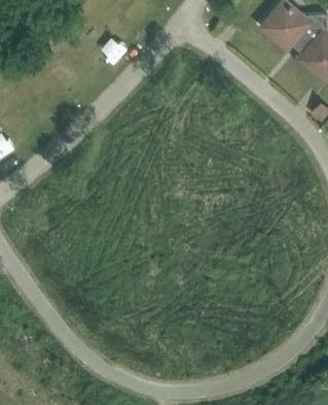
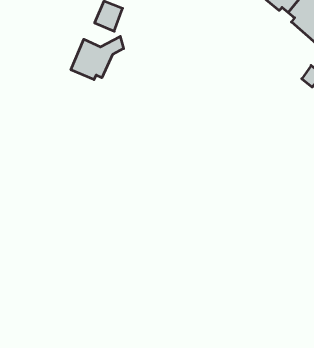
building: none -> [71,36,124,80]

